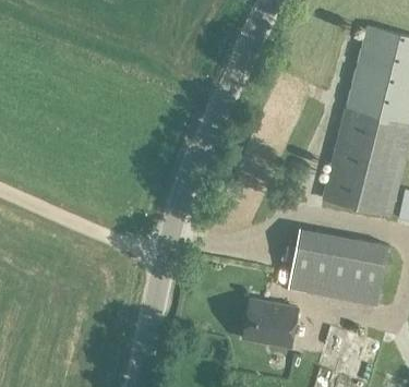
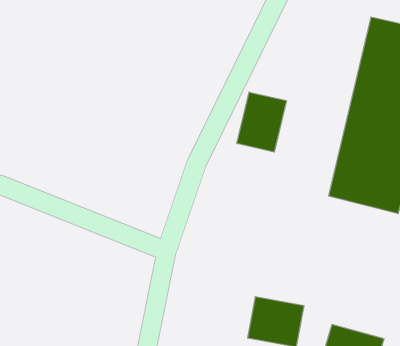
building: none -> [237,92,286,152]
building: [291,231,388,301] -> none

